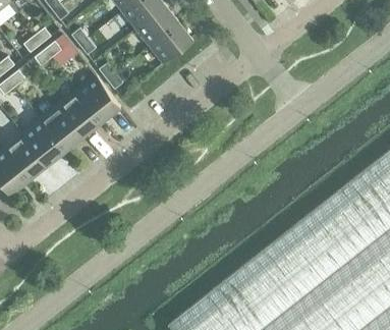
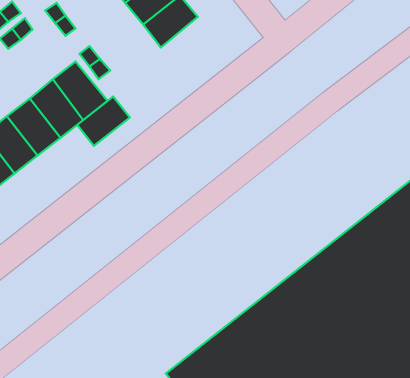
building: none -> [77,96,130,146]

